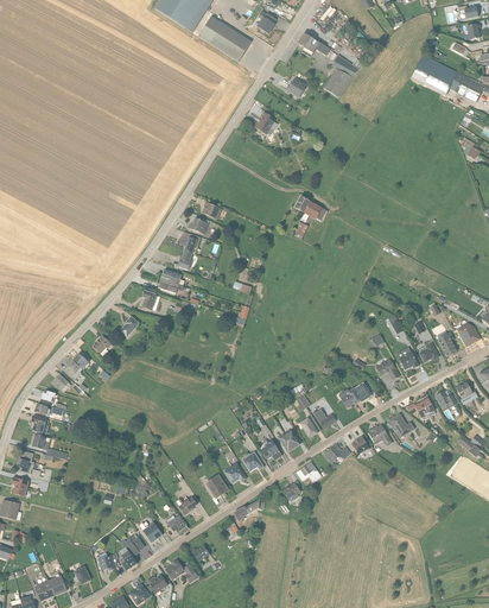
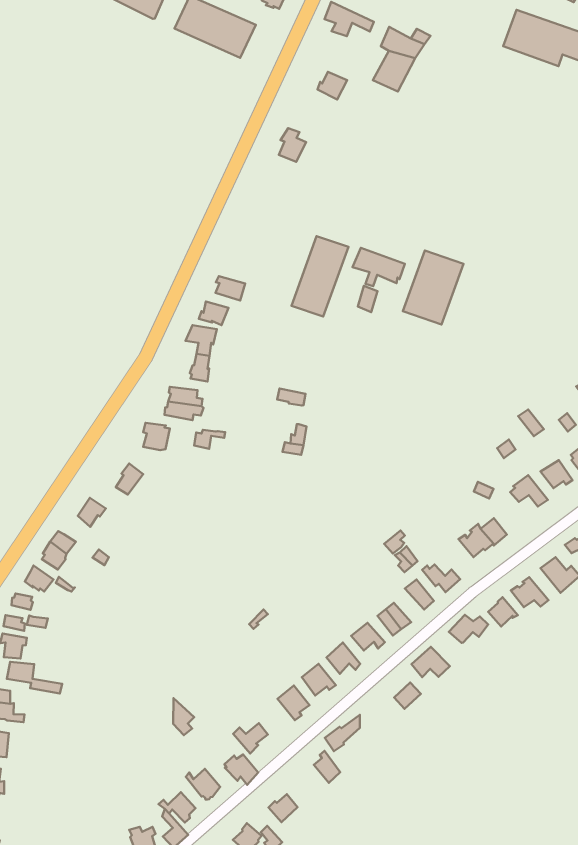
building: none -> [291,236,348,317]
building: none -> [403,250,463,324]

